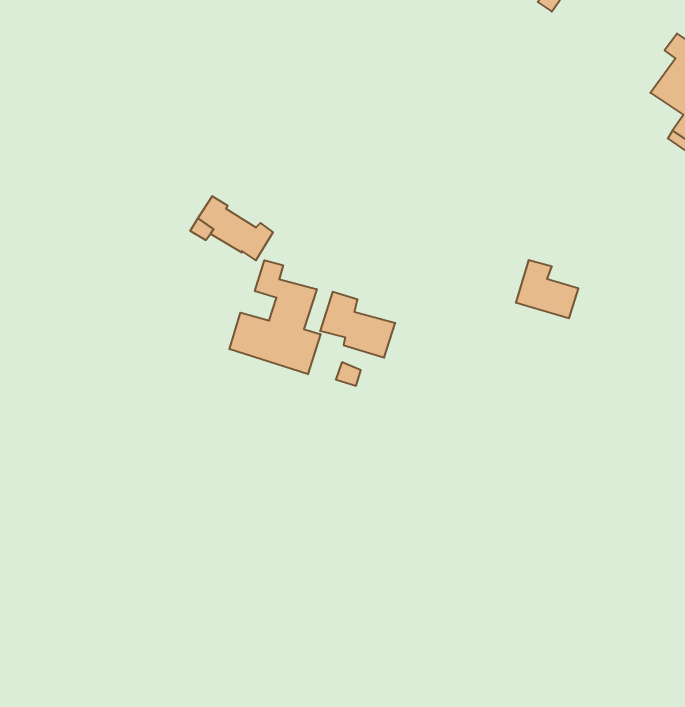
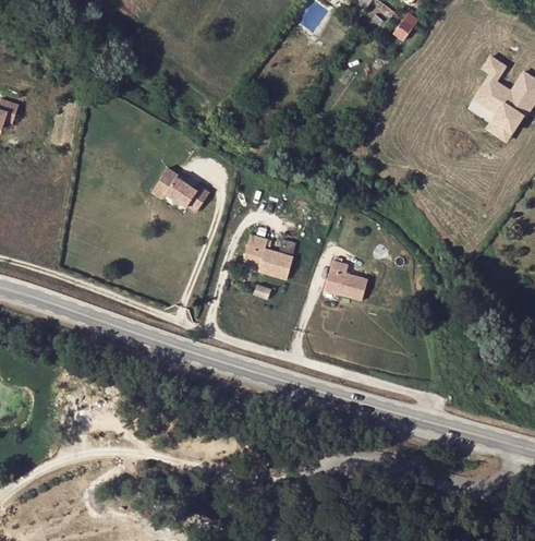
building: [229,260,321,374] -> none
building: [516,260,578,318] -> [324,261,367,301]

